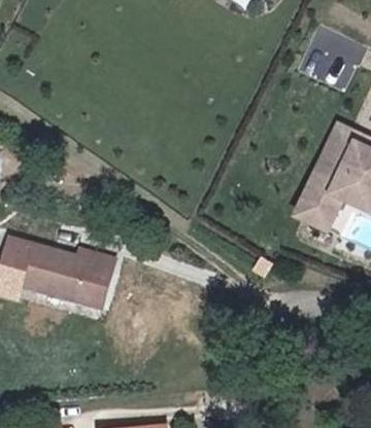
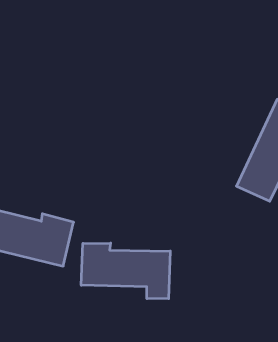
building: none -> [81,243,170,299]

